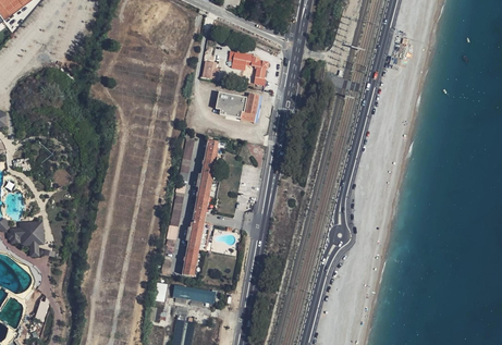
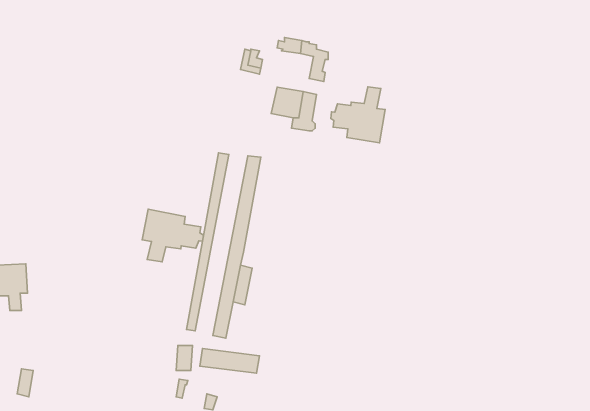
building: none -> [331,87,385,143]
building: none -> [142,209,203,262]

